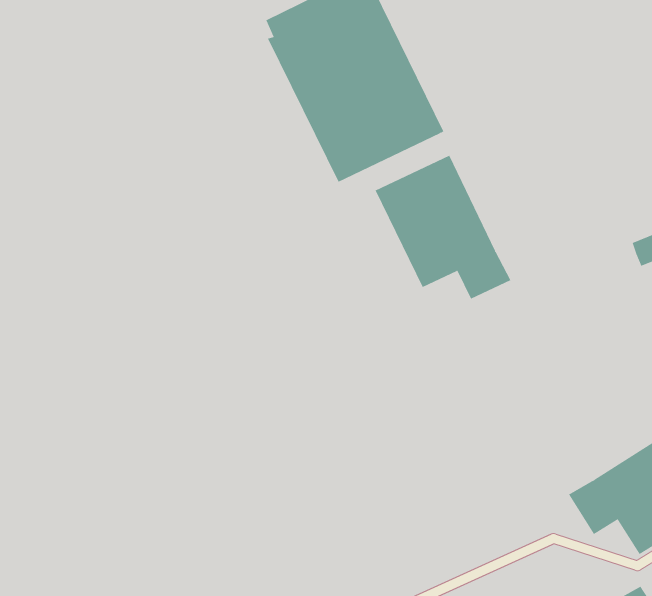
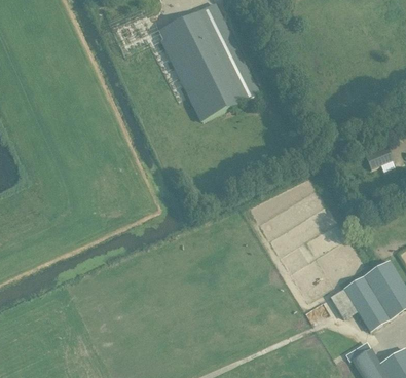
building: [375,155,511,299] -> none

